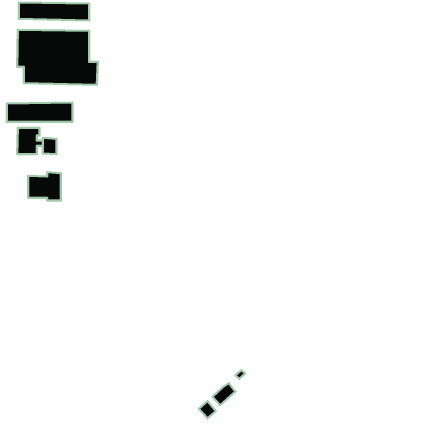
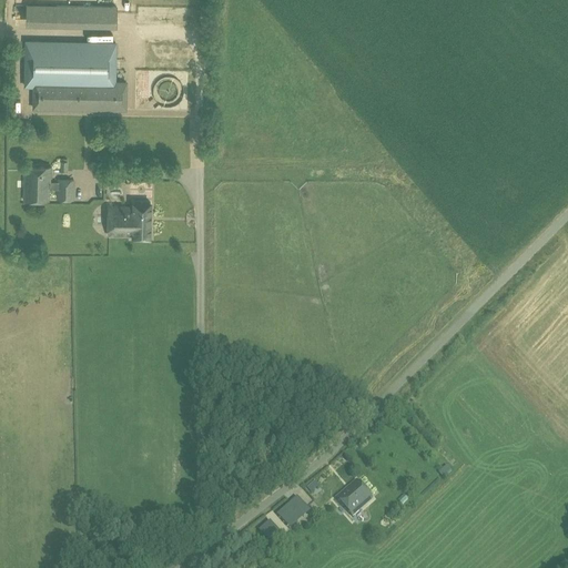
building: [7,102,73,122] -> none
building: [28,172,61,201] -> [106,201,149,237]
building: none -> [335,479,371,516]

